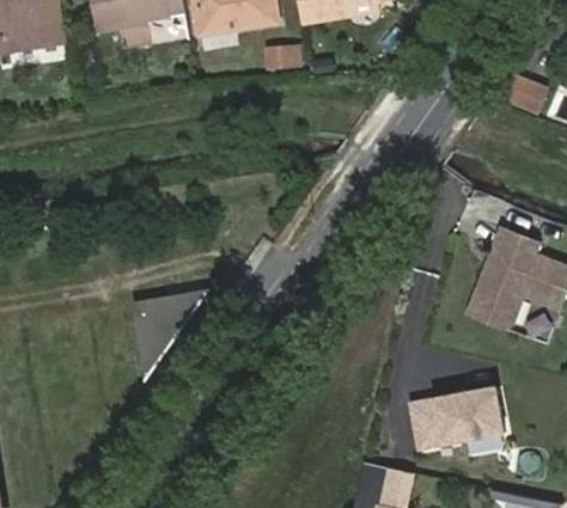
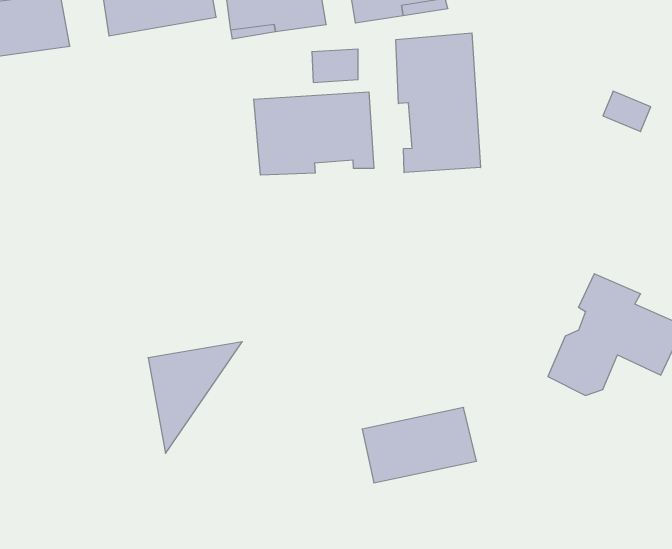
building: none -> [396,33,480,173]
building: none -> [254,92,374,175]
building: [407,382,501,445] -> [362,407,477,483]

